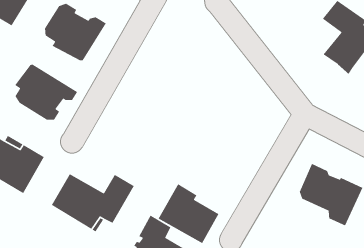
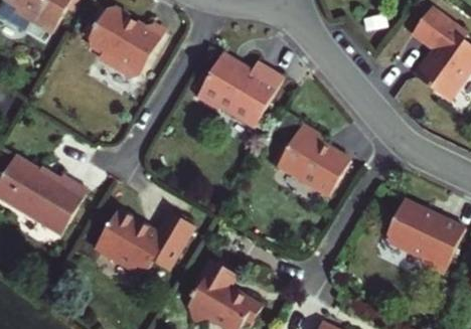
building: none -> [196,52,283,128]
building: [14,64,78,120] -> none
building: [158,183,220,244] -> [278,122,351,194]

